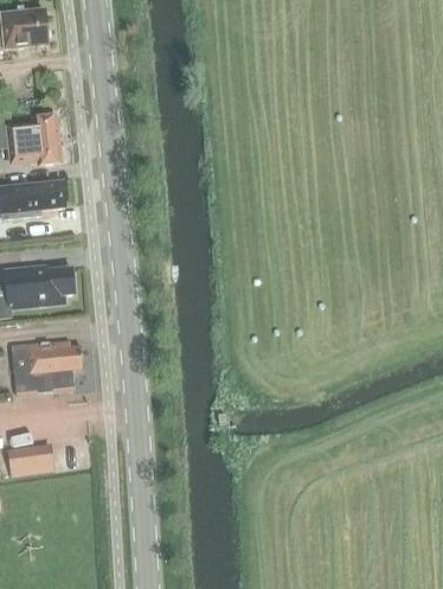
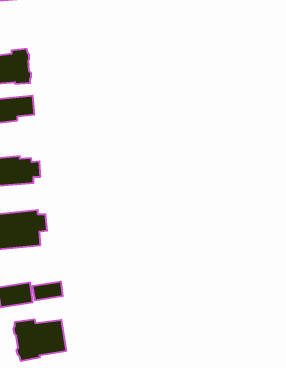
building: none -> [32,281,63,300]
building: none -> [14,319,66,361]

